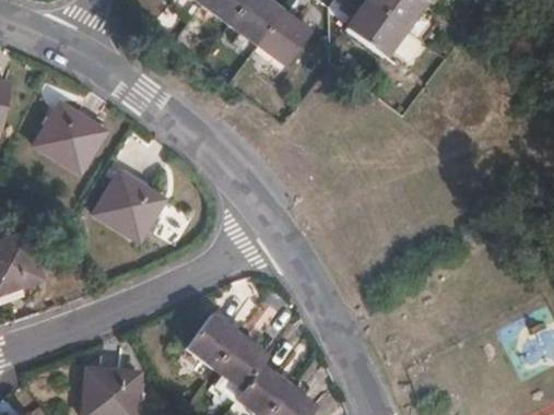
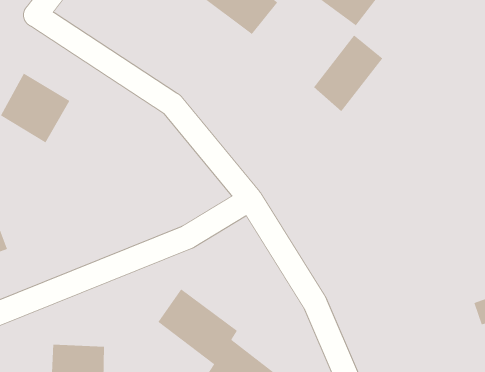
building: none -> [313,34,383,112]
building: [95,170,165,240] -> none

